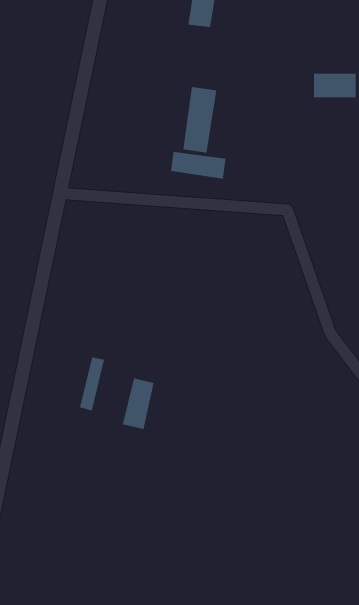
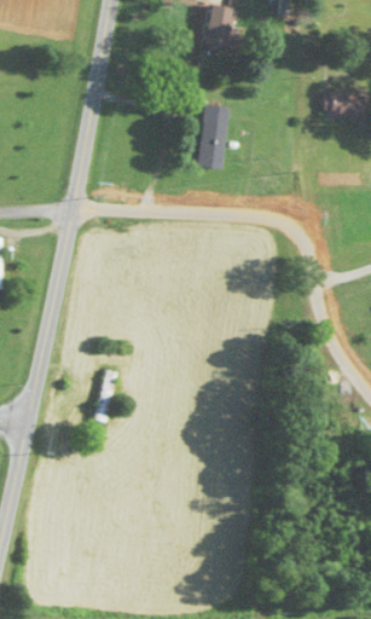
building: [170,151,226,179] -> none
building: [122,378,154,430] -> none

